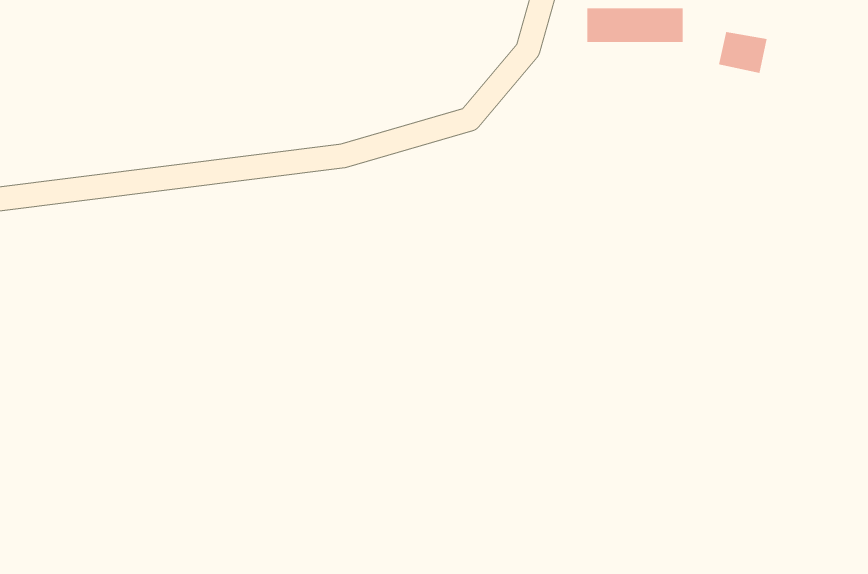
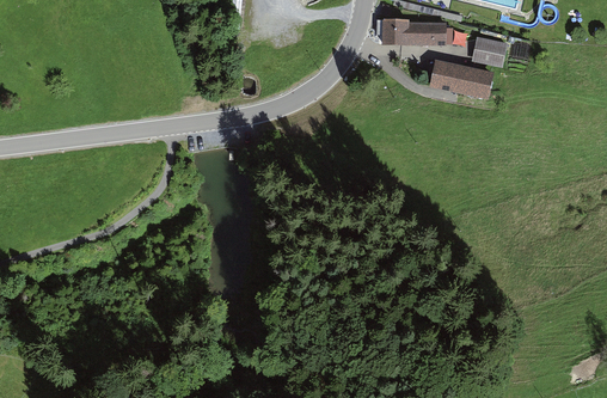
building: none -> [435,62,493,97]

